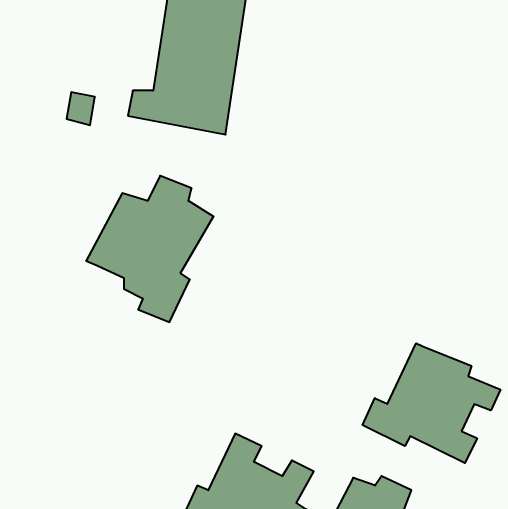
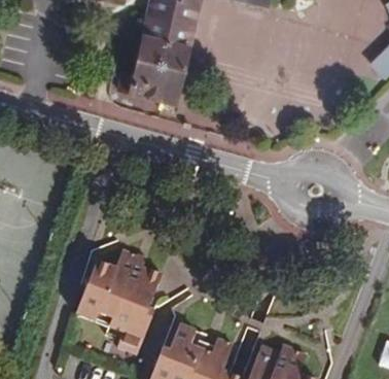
building: [86,176,214,322] -> [87,238,171,334]
building: [363,343,500,463] -> none

